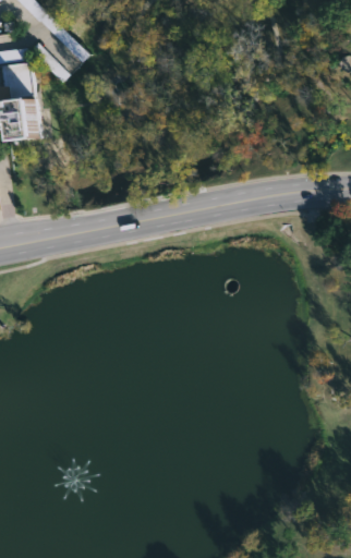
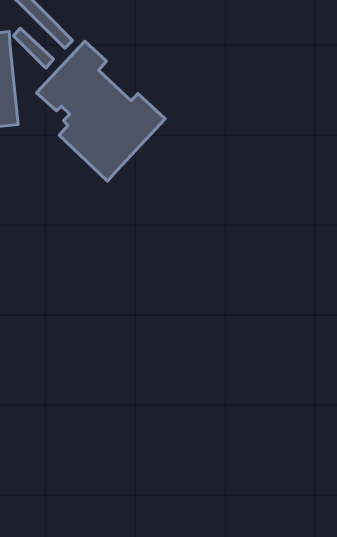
building: none -> [37,41,165,181]

